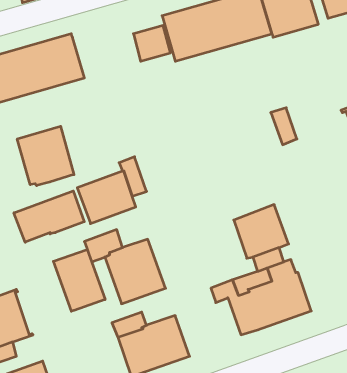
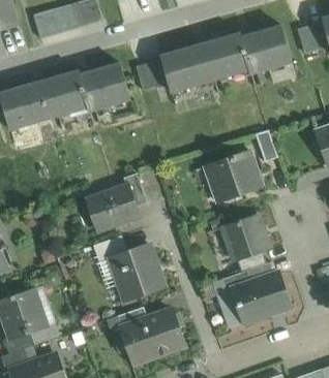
building: none -> [82,59,133,109]
building: [17,126,74,186] -> none
building: none -> [203,152,261,200]
building: [14,191,84,242] -> none
building: [53,249,105,311] -> none

